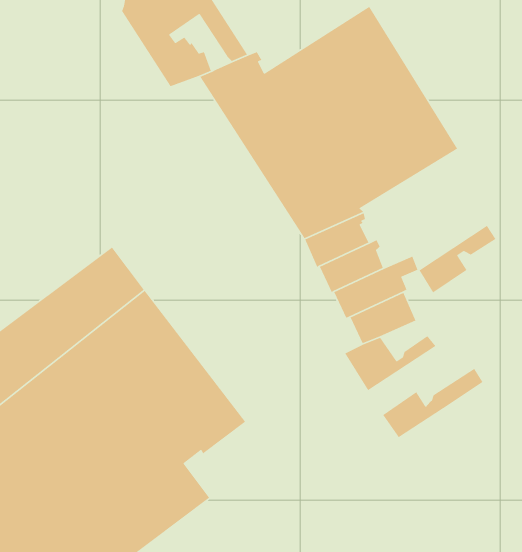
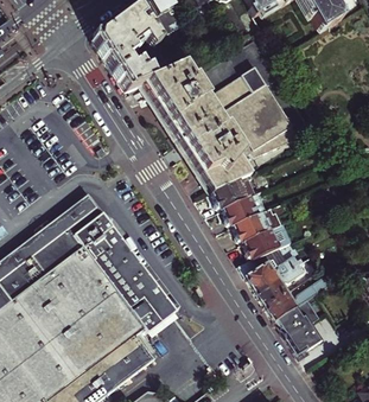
building: [418,225,496,294] -> [254,260,305,305]
building: none -> [274,298,323,357]

